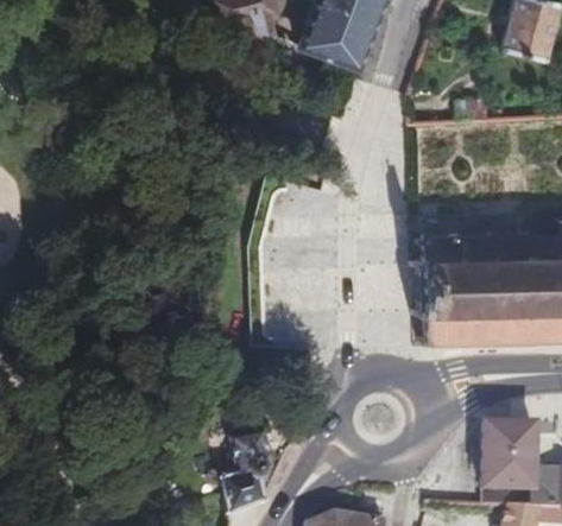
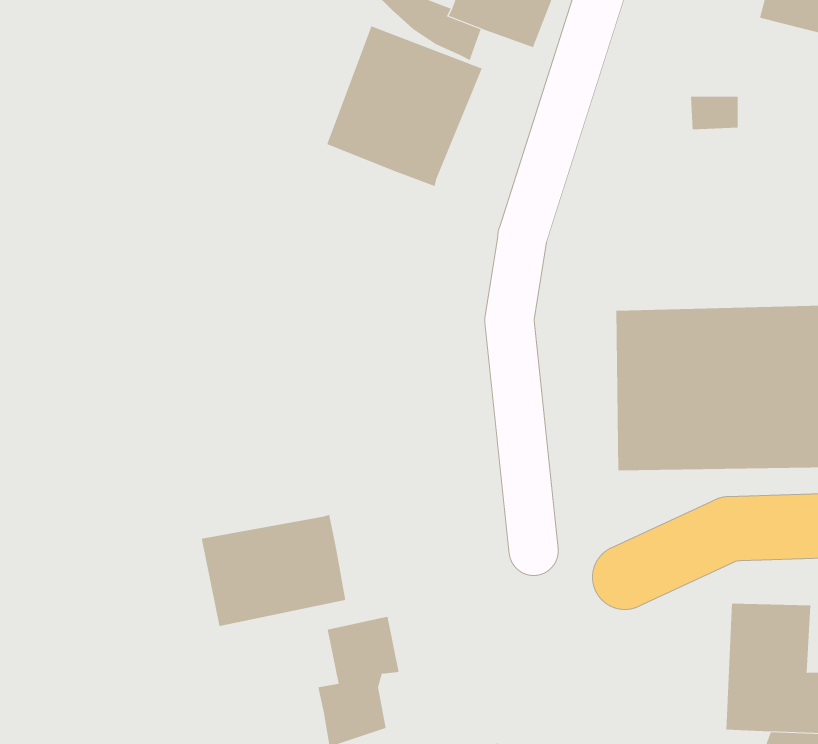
building: none -> [327,26,483,187]
building: none -> [201,514,346,627]

